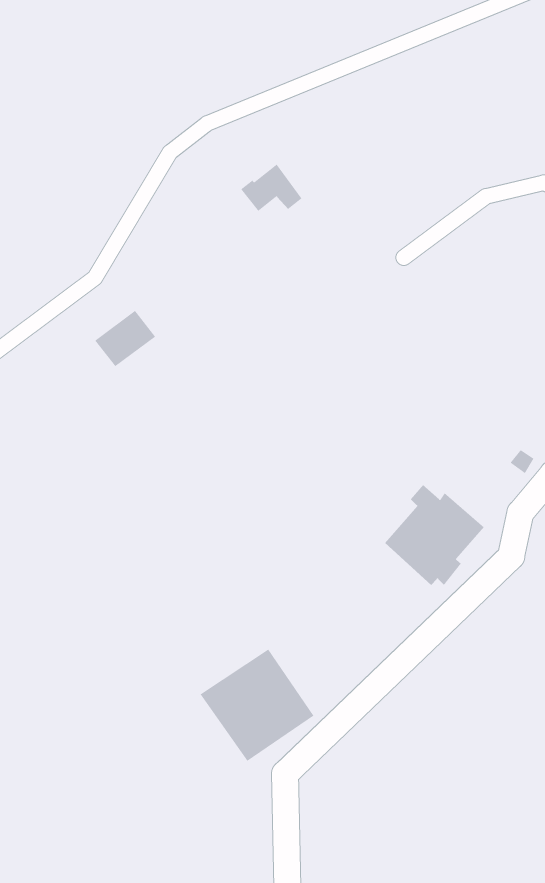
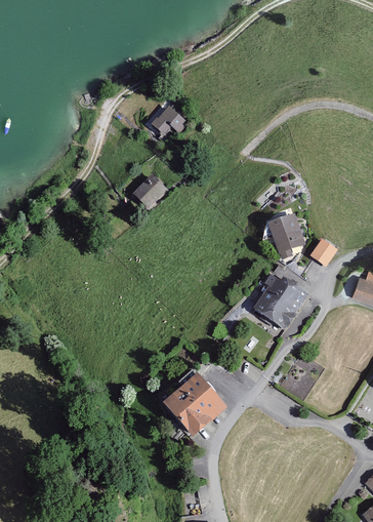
building: [94,310,156,367] -> [131,175,165,208]
building: none -> [268,214,305,258]

